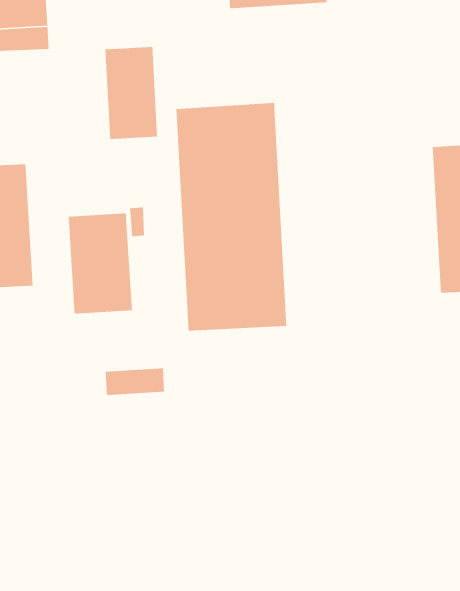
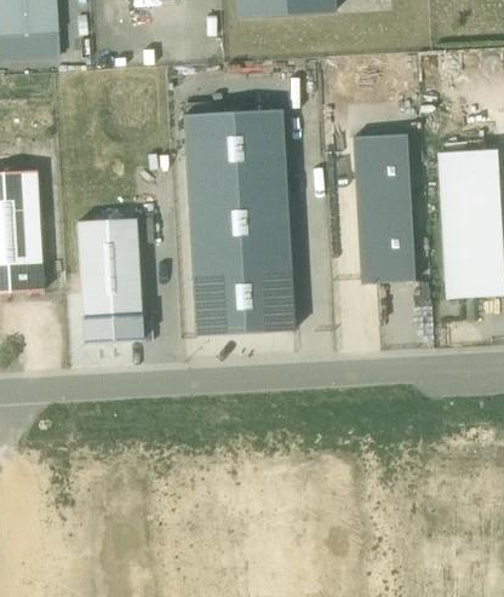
building: [105,46,158,140] -> none
building: none -> [354,134,414,282]
building: [105,368,165,396] -> [84,315,143,343]

